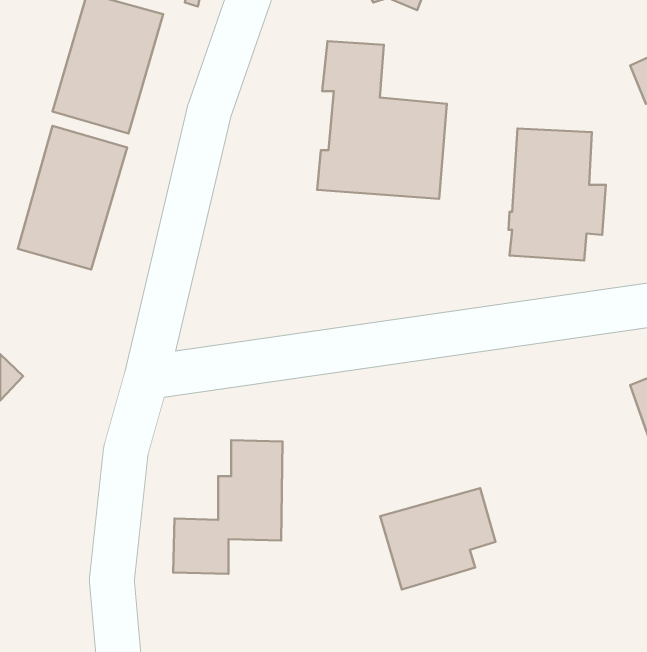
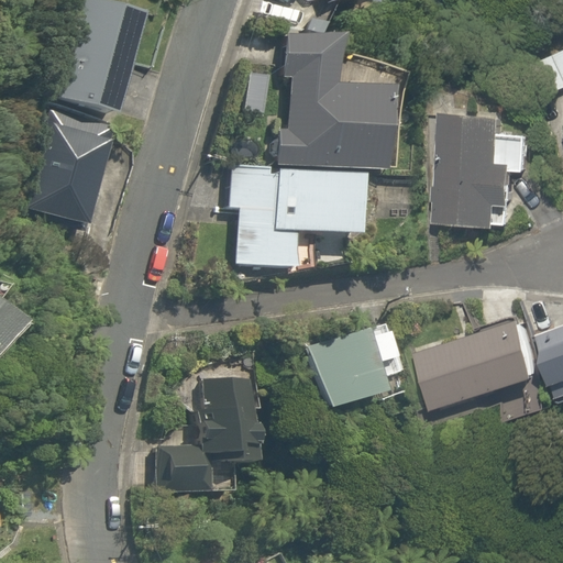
building: none -> [231,163,364,266]
building: none -> [424,314,550,406]
building: [380,488,496,589] -> [306,322,405,409]

